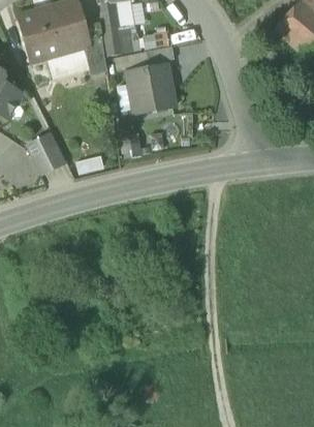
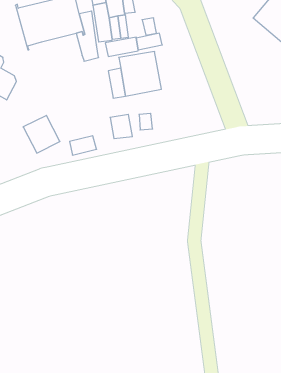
building: [46,43,90,77] -> none

